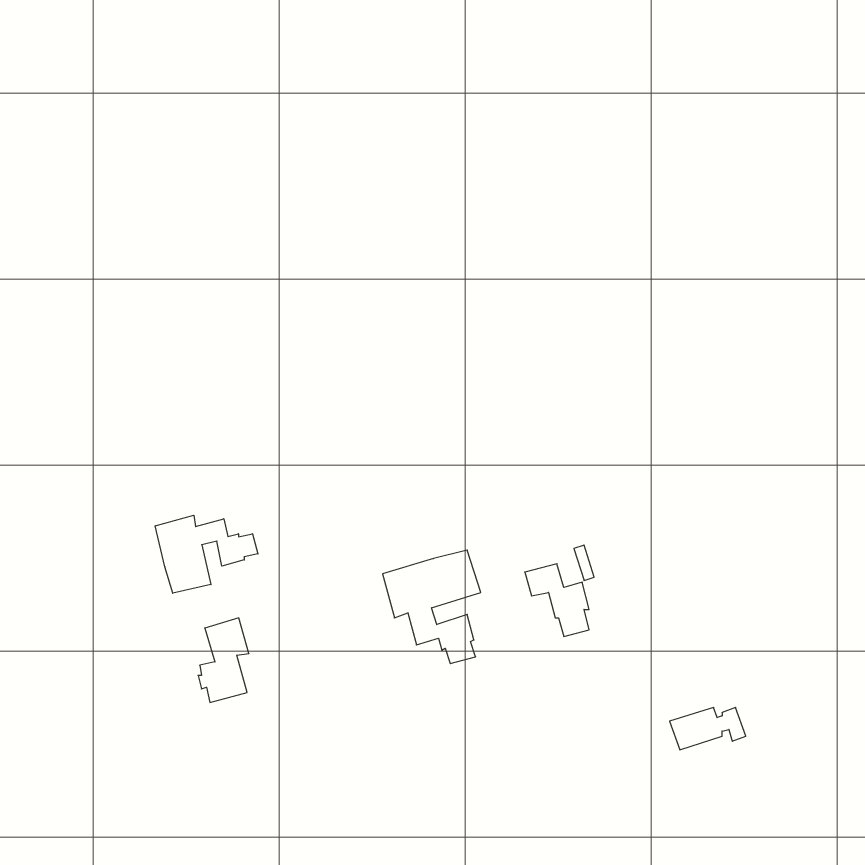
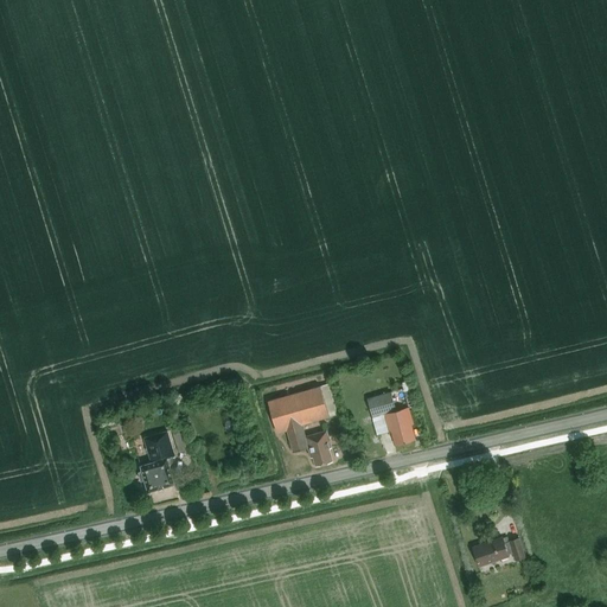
building: [155,515,258,593] -> none
building: [670,707,746,750] -> [473,536,526,566]

